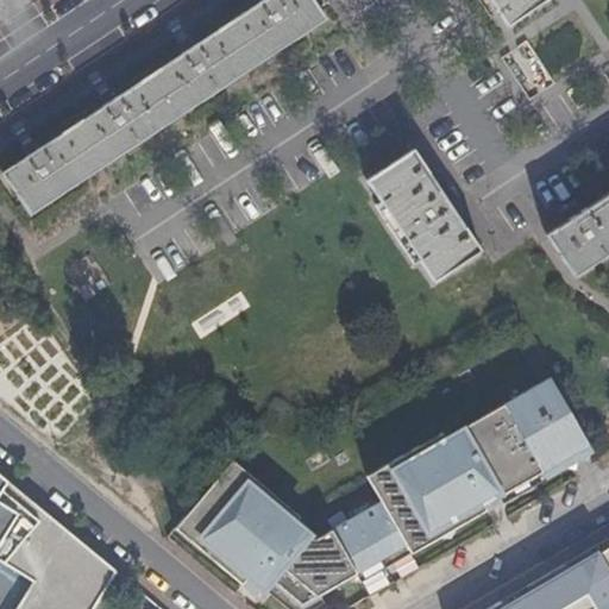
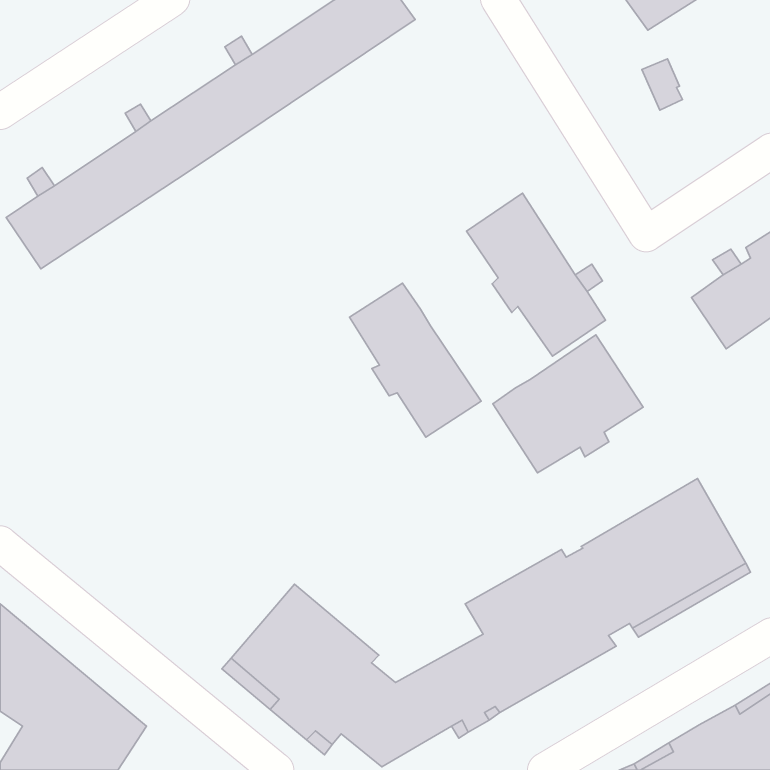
building: none -> [349,283,481,437]
building: none -> [493,335,643,473]

